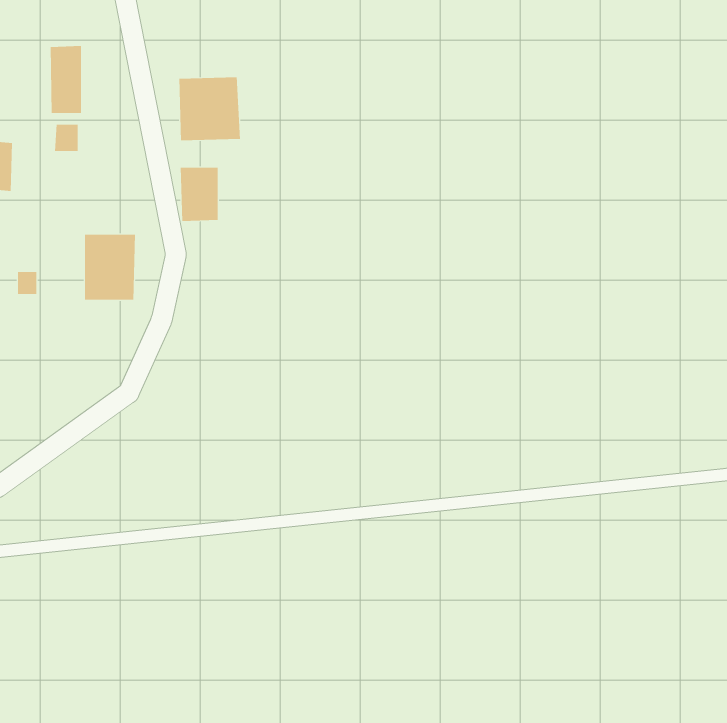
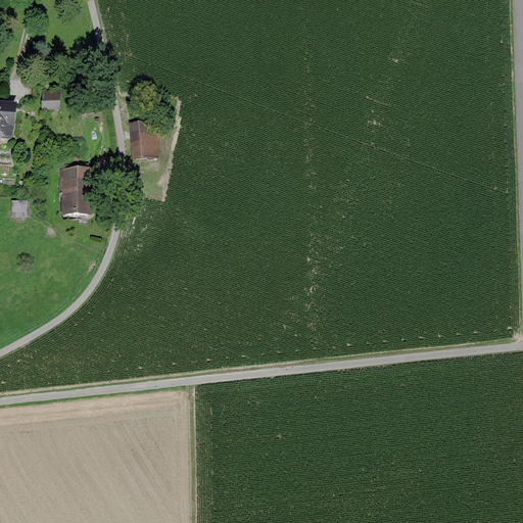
building: [50,45,82,114] -> none
building: [179,77,240,141] -> none

